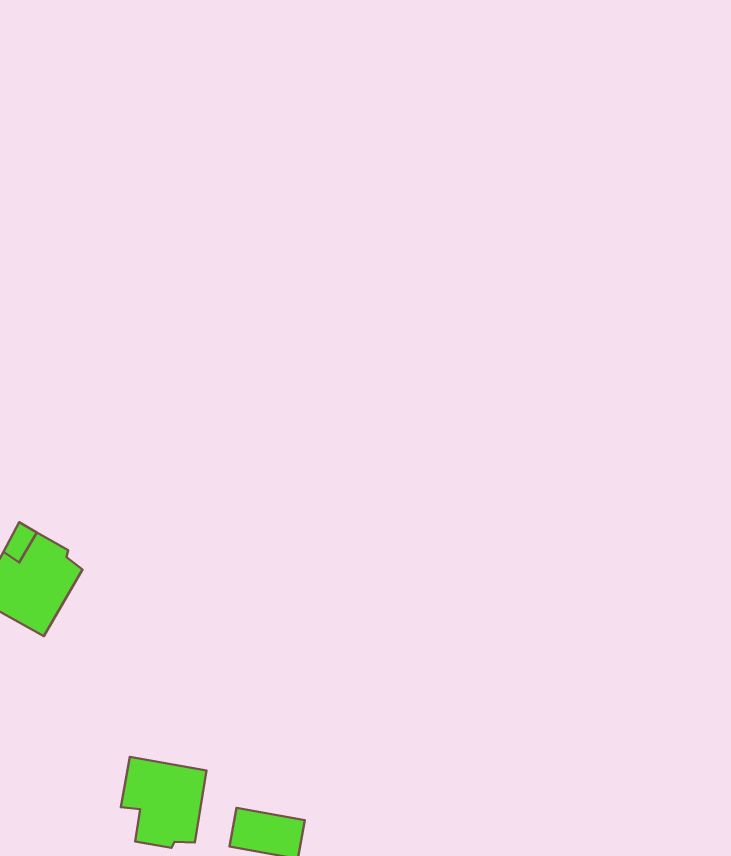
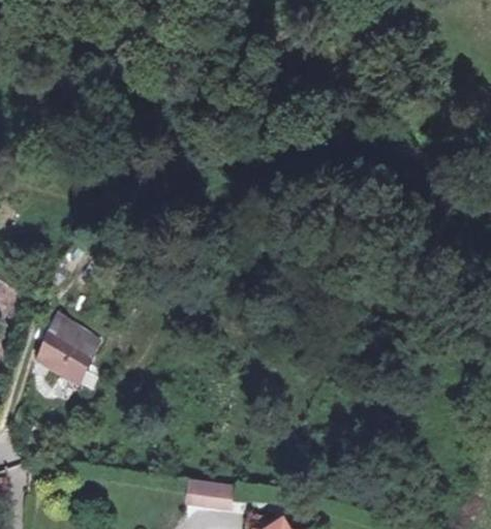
building: [121,757,206,848] -> none

